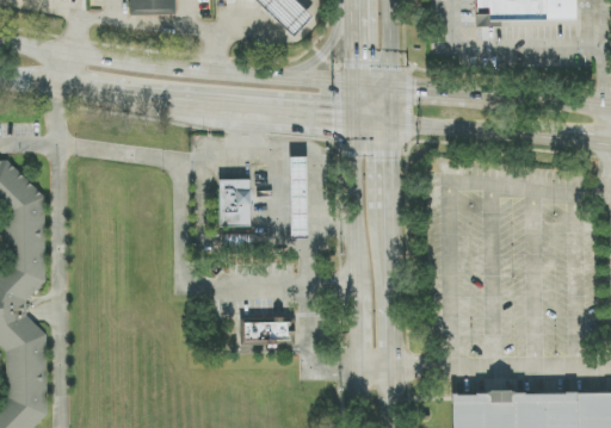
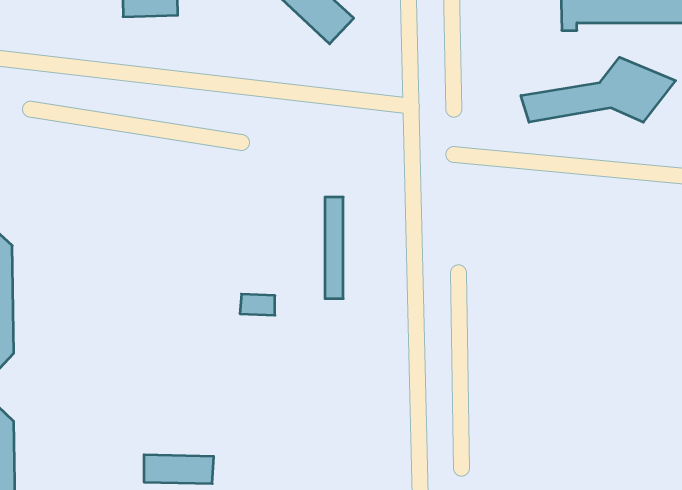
building: none -> [521,57,676,122]
building: [218,178,251,224] -> none
building: [237,320,292,342] -> [144,455,214,484]

